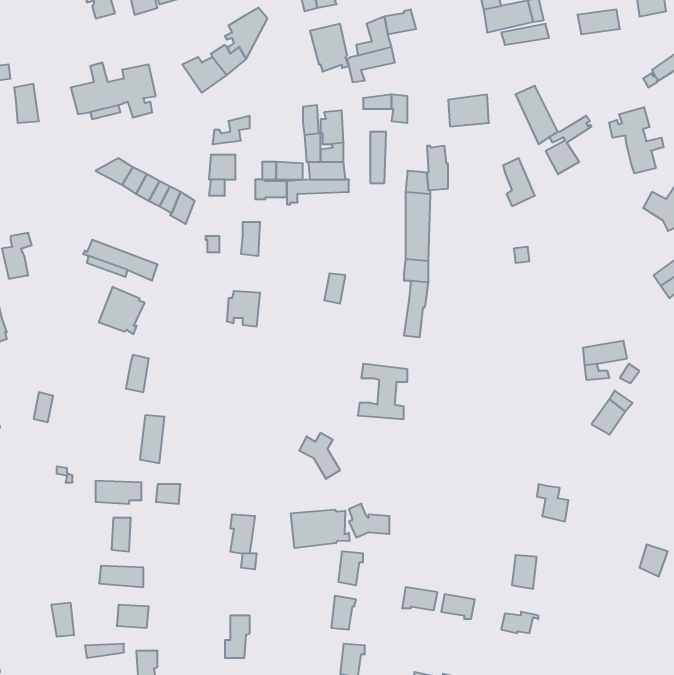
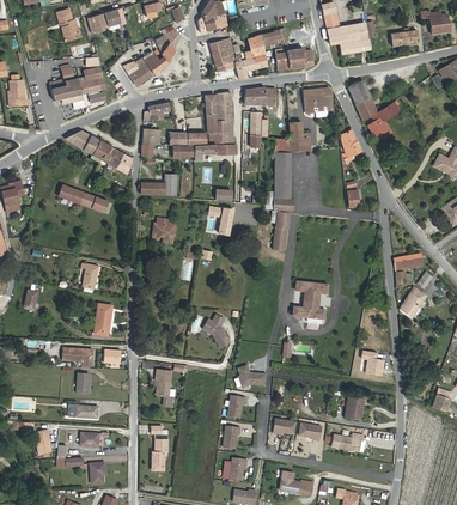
building: none -> [275,48,313,69]
building: [609,107,664,173] -> none
building: [99,287,145,334] -> none
building: [358,364,407,419] -> [293,280,327,317]
building: [291,510,350,548] -> none

